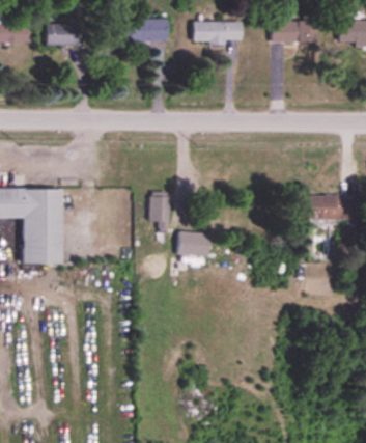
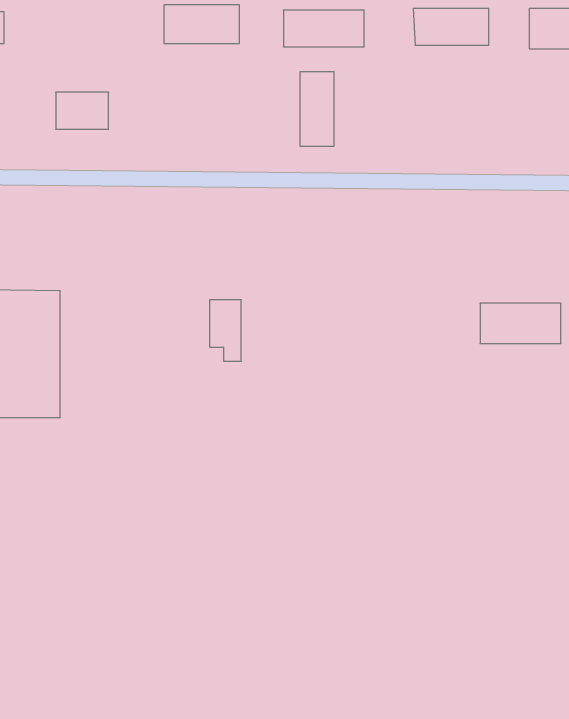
building: [47,24,78,46] -> [56,92,109,129]
building: none -> [300,72,334,146]
building: [177,231,212,257] -> none

